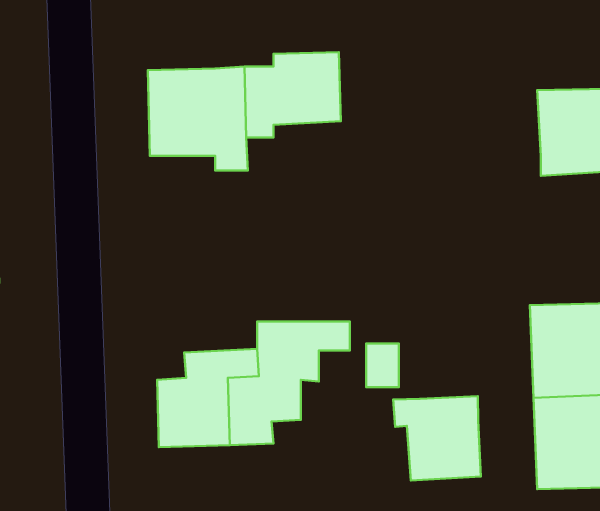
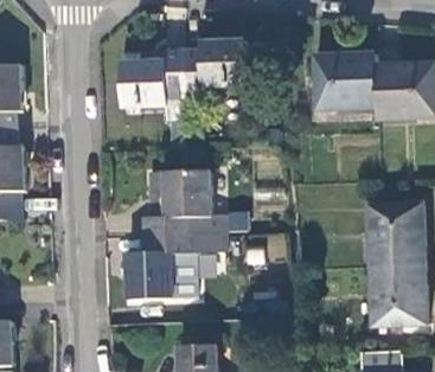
building: none -> [314,53,376,109]
building: none -> [143,171,211,236]
building: [393,396,481,480] -> none

